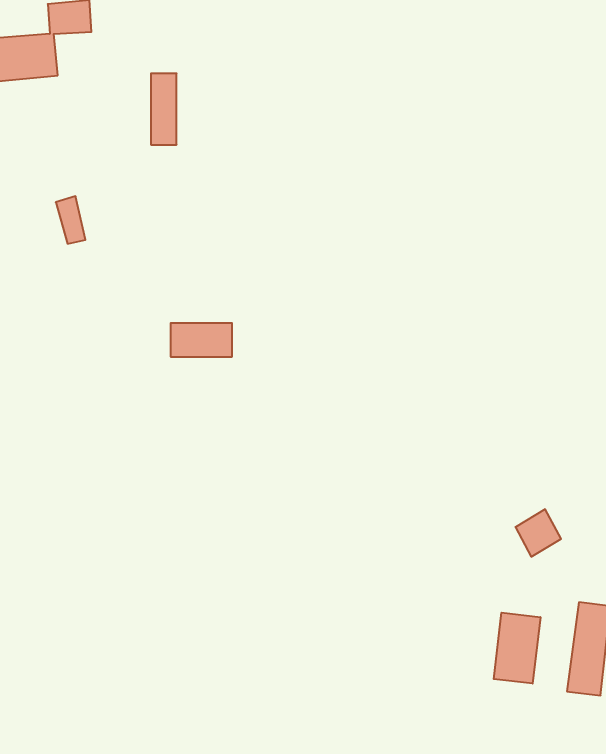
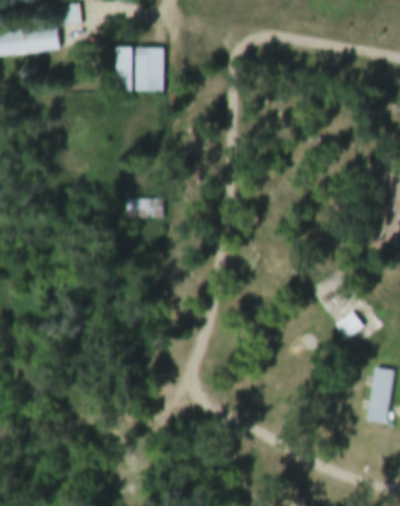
building: none -> [137,48,164,91]
building: [494,613,540,684] -> none

